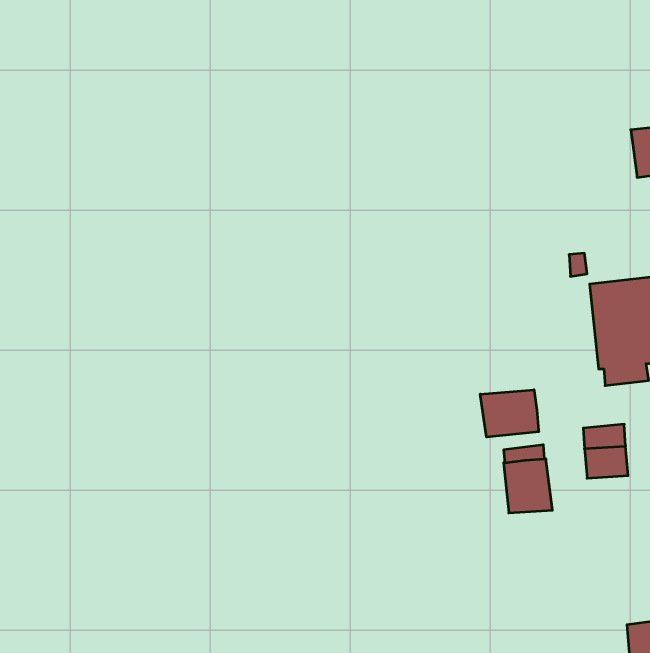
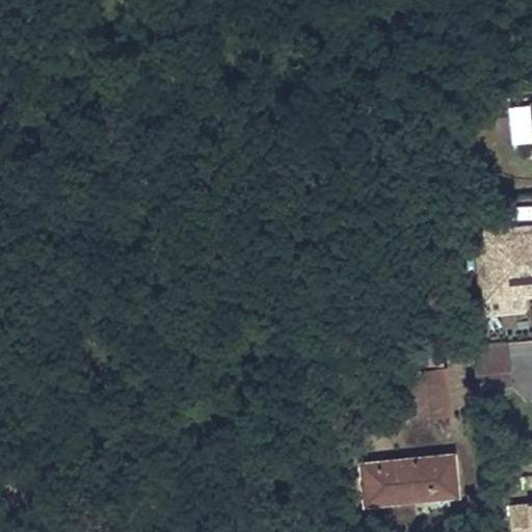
building: [480,390,539,437] -> none
building: none -> [365,457,459,504]

